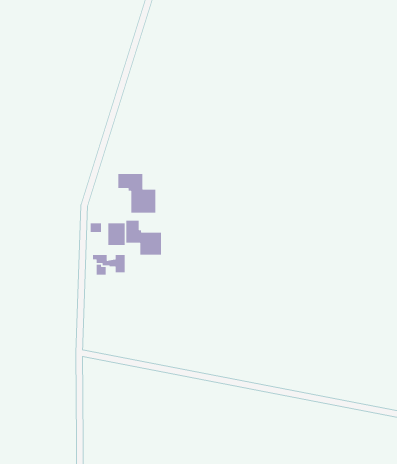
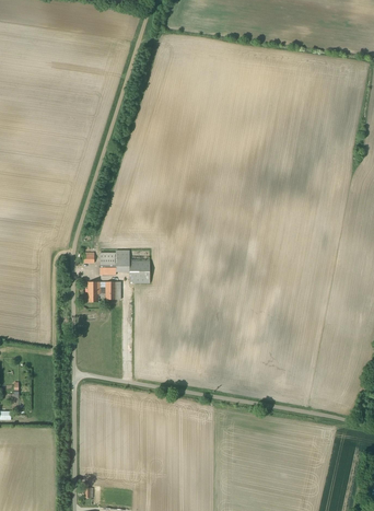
building: [118,173,156,214] -> none

